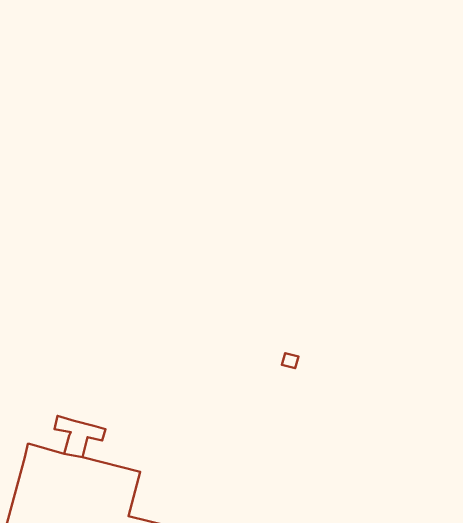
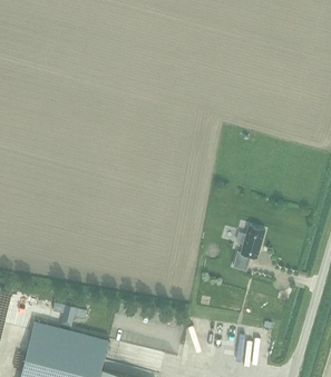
building: none -> [233,227,264,271]

